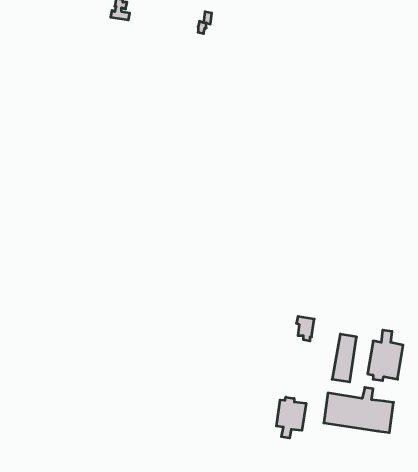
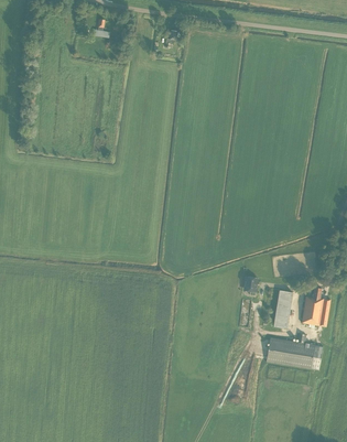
building: [276,397,306,438] -> none

